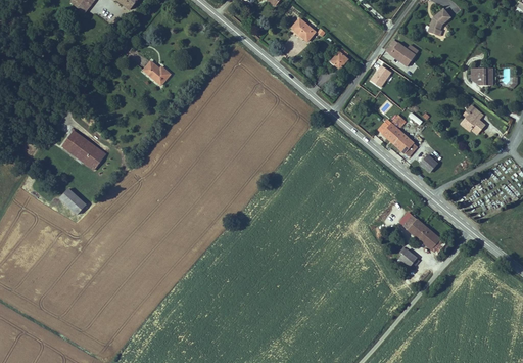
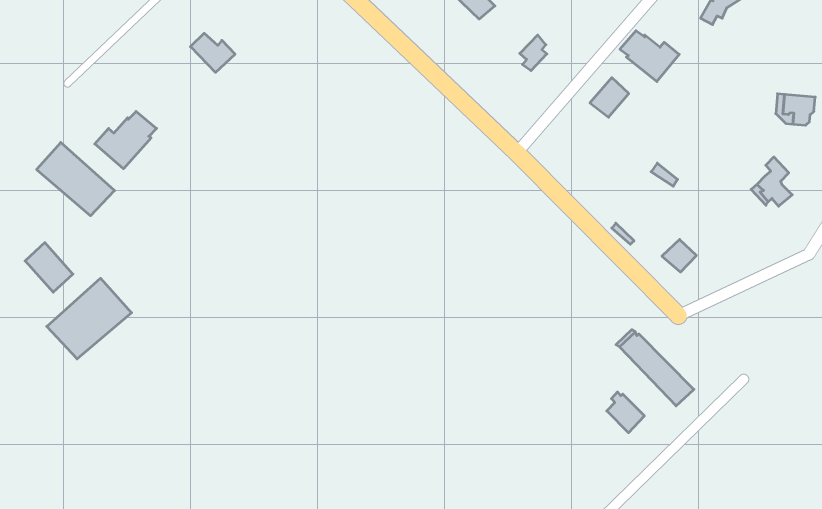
building: none -> [95,111,157,169]
building: [377,115,418,157] -> none
building: none -> [47,278,132,359]

